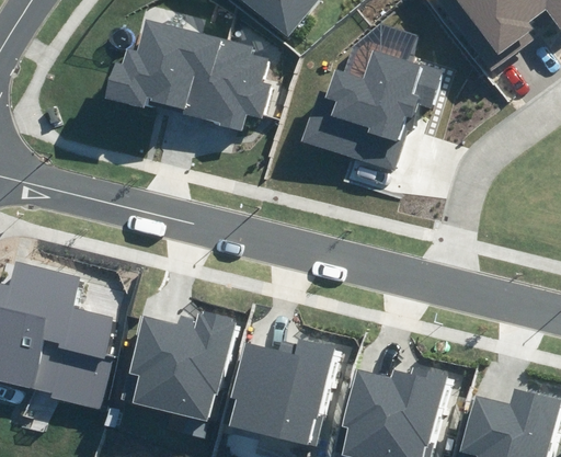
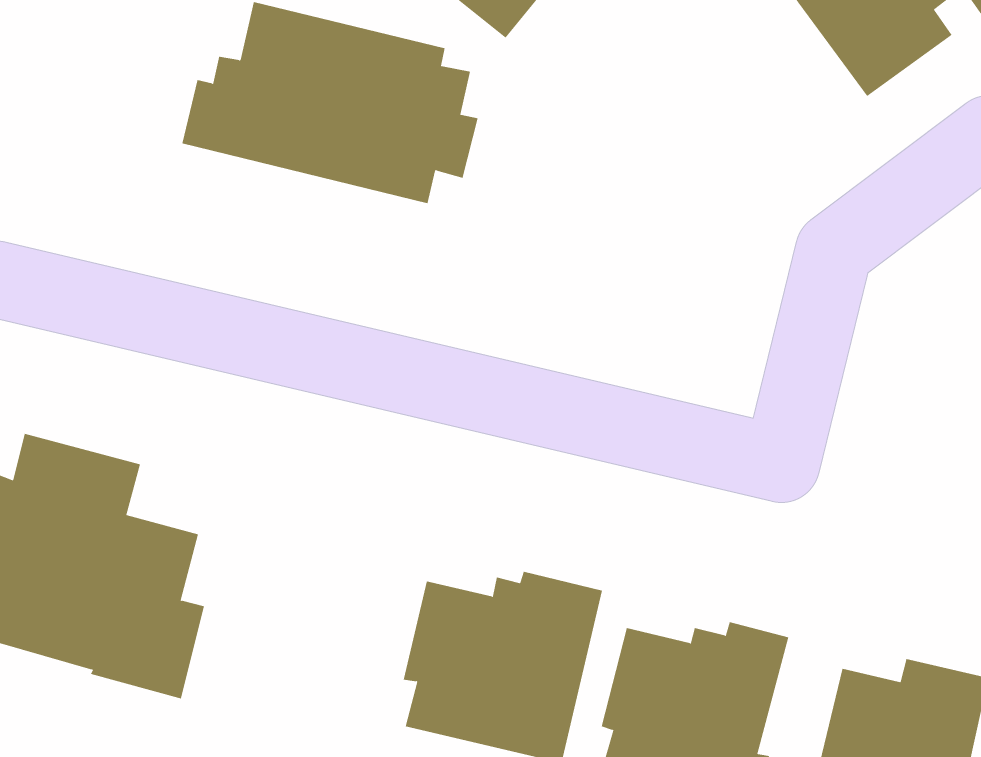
building: [302,49,443,171] -> none
building: [126,309,234,421] -> none

